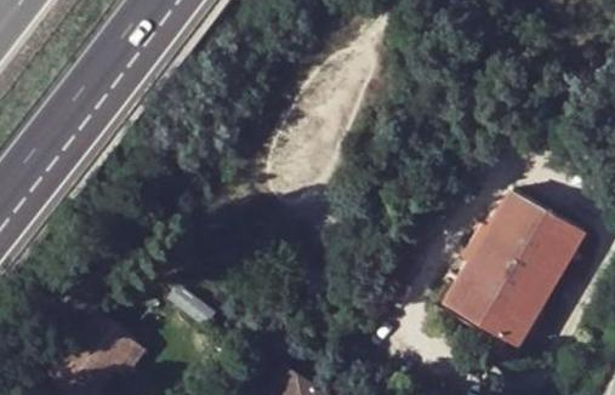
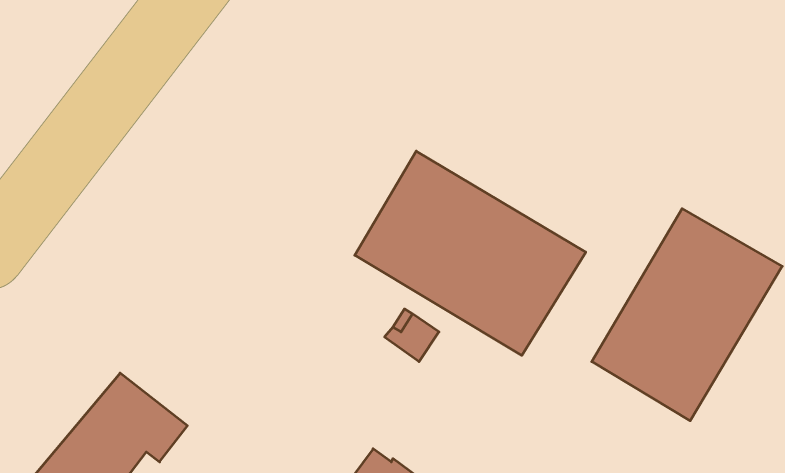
building: none -> [355,151,586,355]

